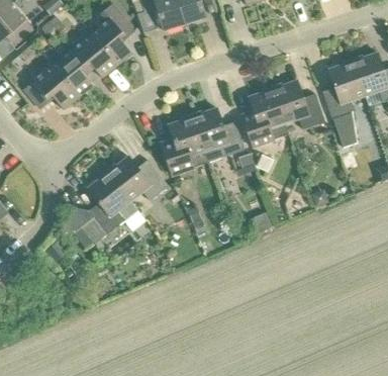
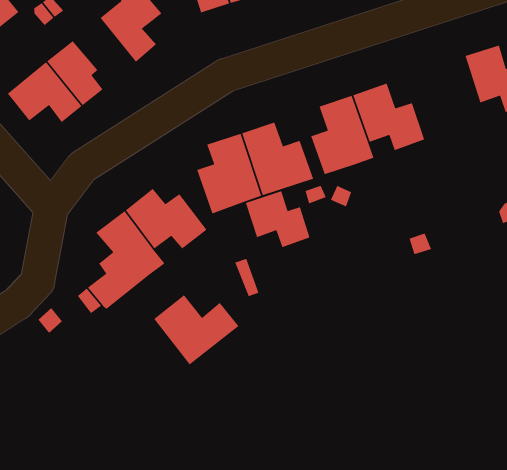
building: [71,33,116,78] -> none
building: [321,61,364,148] -> none
building: none -> [245,190,311,248]
building: none -> [153,294,239,365]

